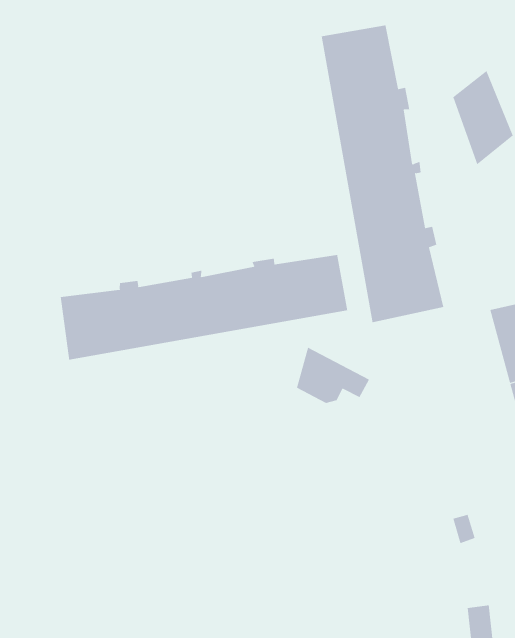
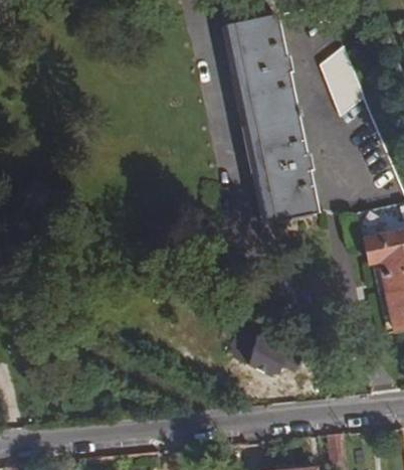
building: [60,254,348,360] -> none
building: [296,347,370,403] -> [253,337,306,377]

